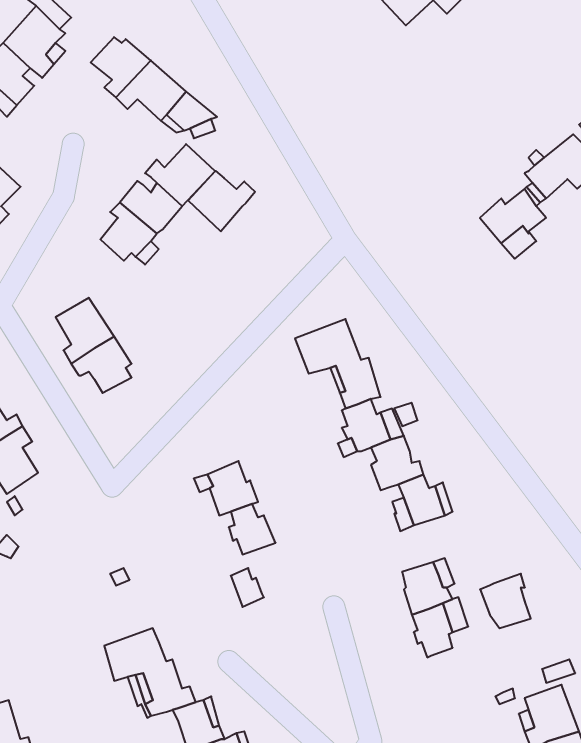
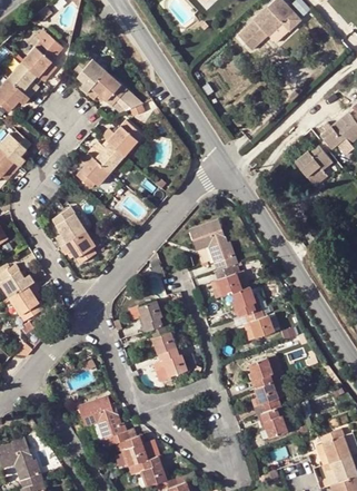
building: [188,171,255,231] -> none
building: none -> [158,347,187,376]
building: [480,574,531,628] -> [258,406,287,438]

